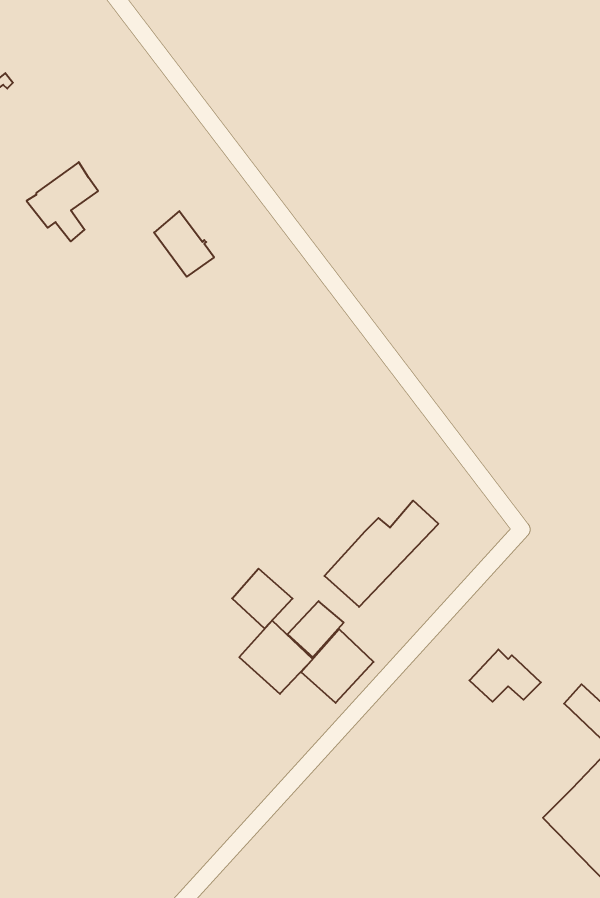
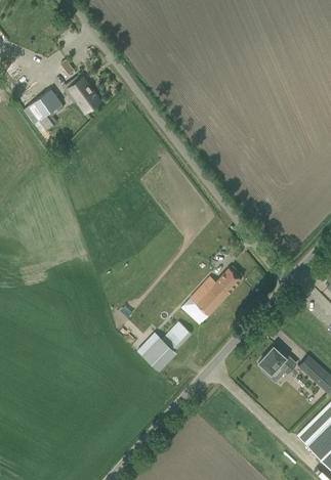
building: [154,211,214,277] -> [69,78,100,113]
building: [232,569,293,629] -> none
building: [301,629,374,703] -> none

